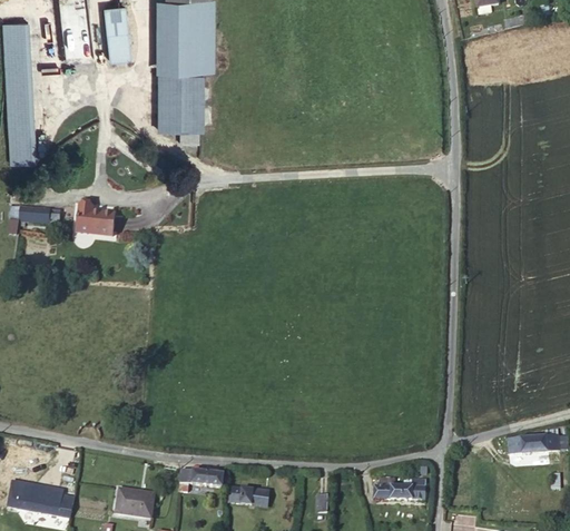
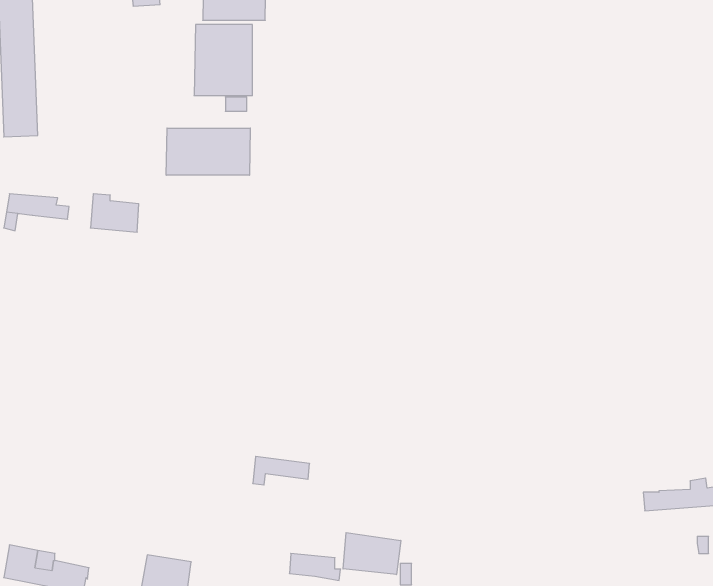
building: none -> [166,128,250,175]
building: [178,469,223,491] -> [253,456,310,485]
building: none -> [343,533,401,575]
building: [373,479,424,499] -> none

